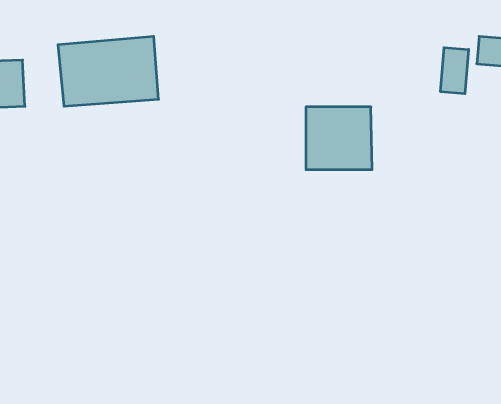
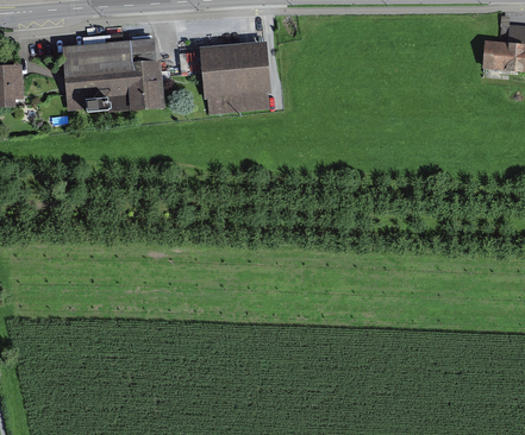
building: [441,48,469,94] -> none
building: [306,107,372,170] -> [204,43,270,106]

